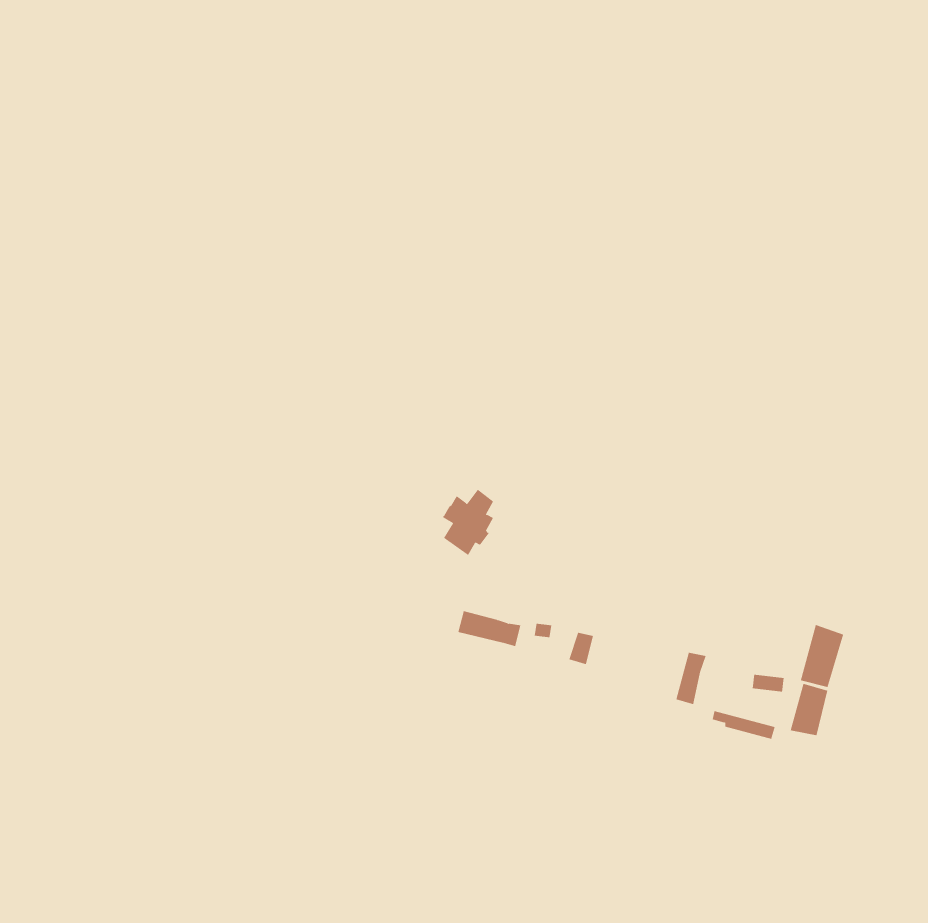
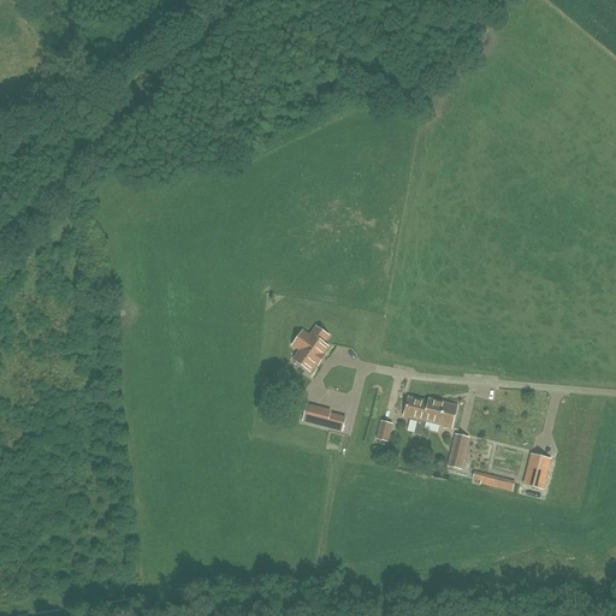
building: none -> [403,395,457,433]
building: [800,624,844,688] -> none

